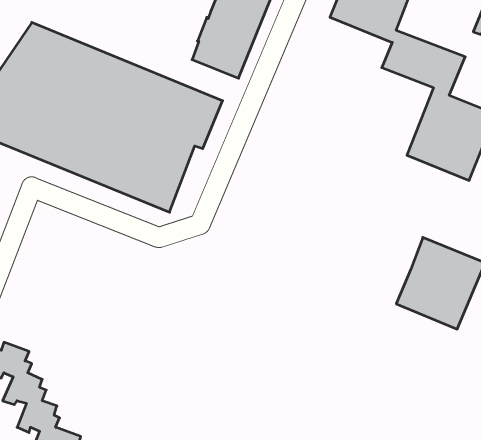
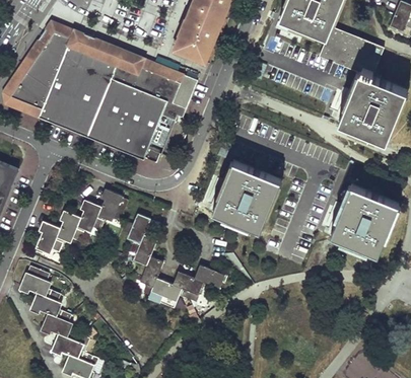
building: none -> [212,161,280,232]
building: none -> [35,190,127,252]
building: none -> [122,213,227,307]

